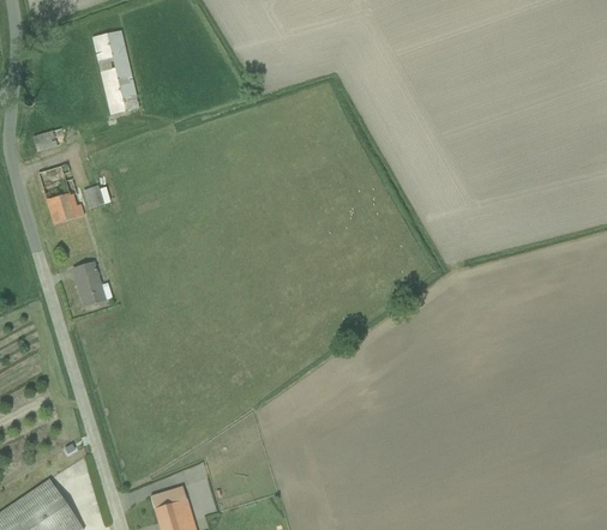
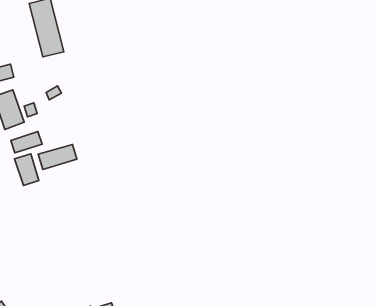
building: none -> [11,131,42,153]
building: none -> [38,145,77,169]

